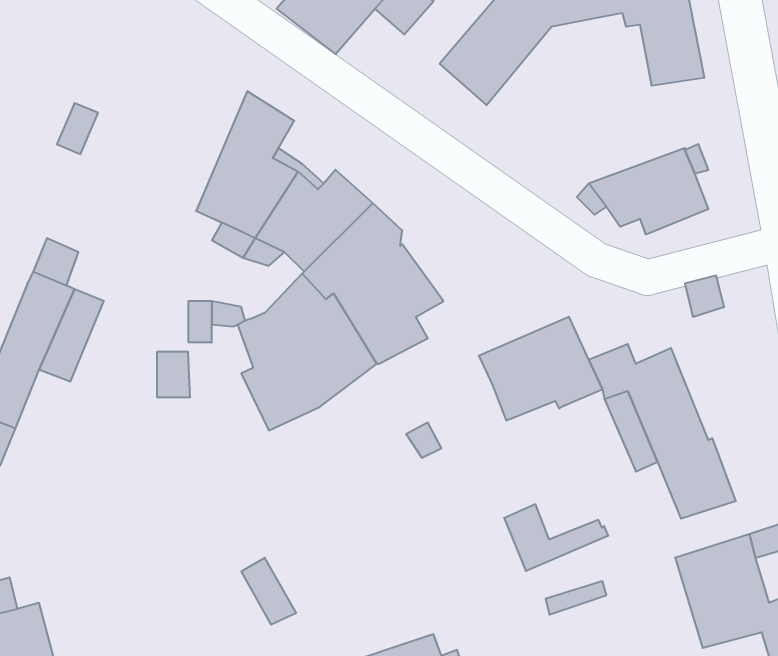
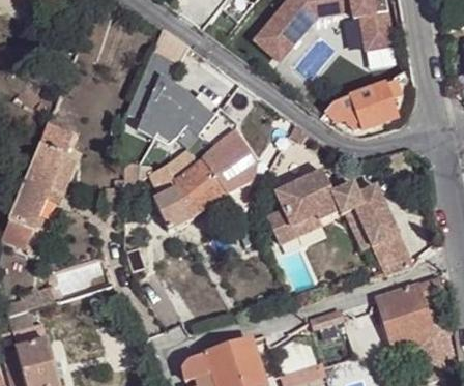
building: [504,504,608,571] -> [265,208,320,243]

